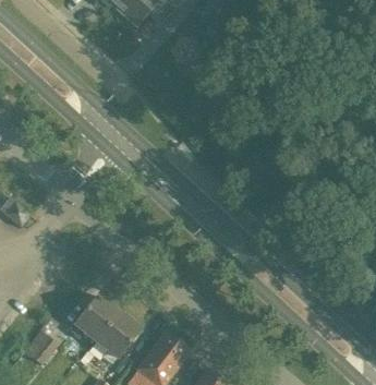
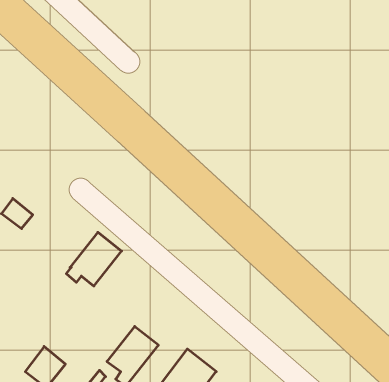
building: [71,294,119,341] -> [66,232,122,286]

